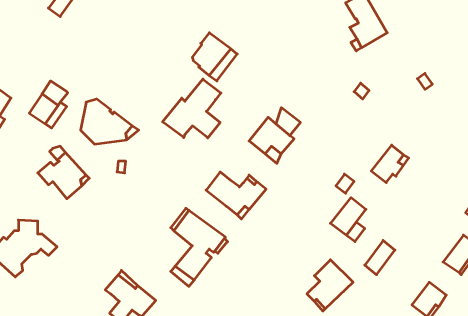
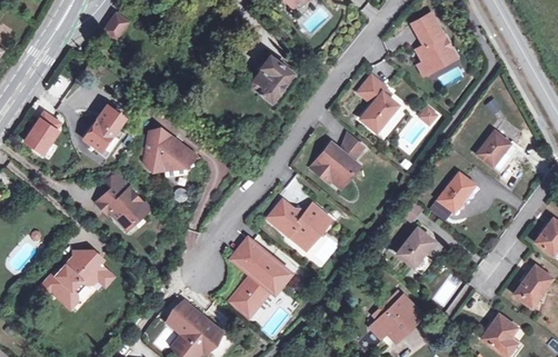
building: none -> [358,75,399,131]
building: [163,79,221,138] -> none
building: none -> [478,130,518,171]

